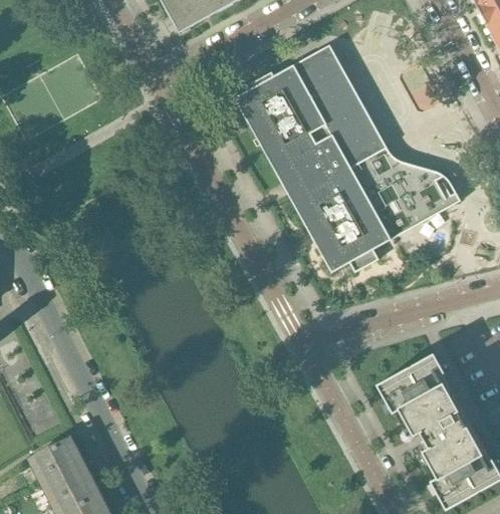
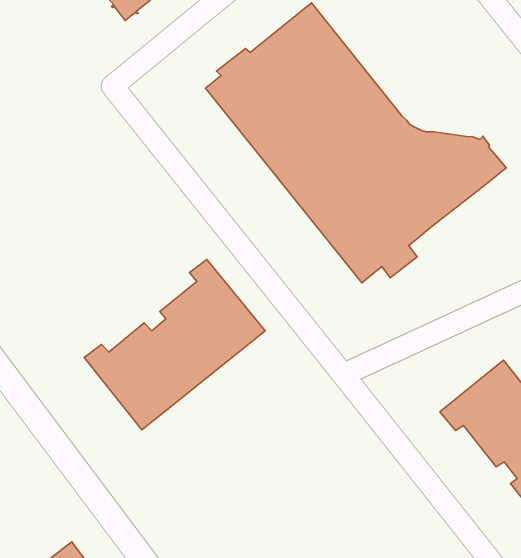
building: none -> [84,260,265,430]

